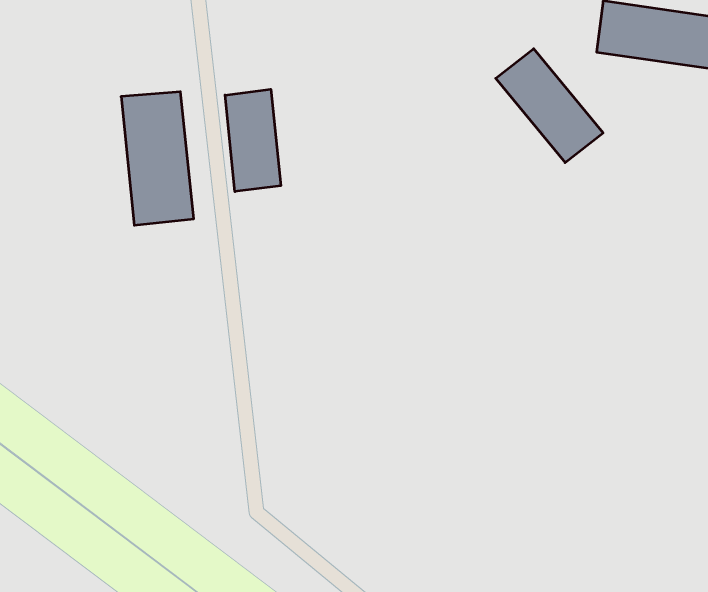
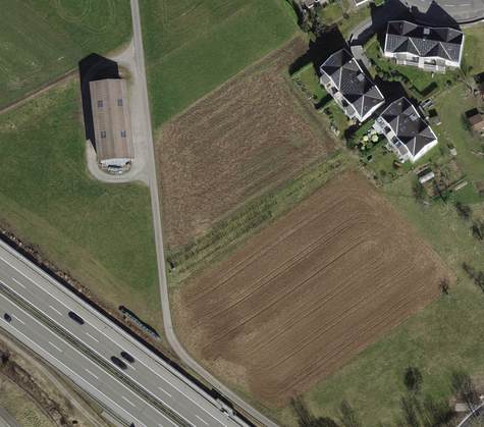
building: [225,89,281,192] -> none
building: none -> [379,98,438,160]

